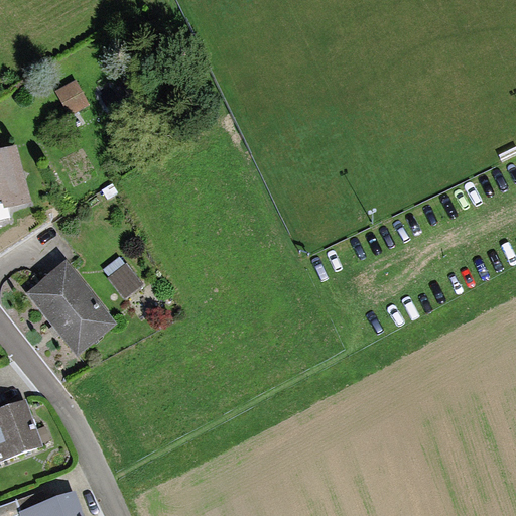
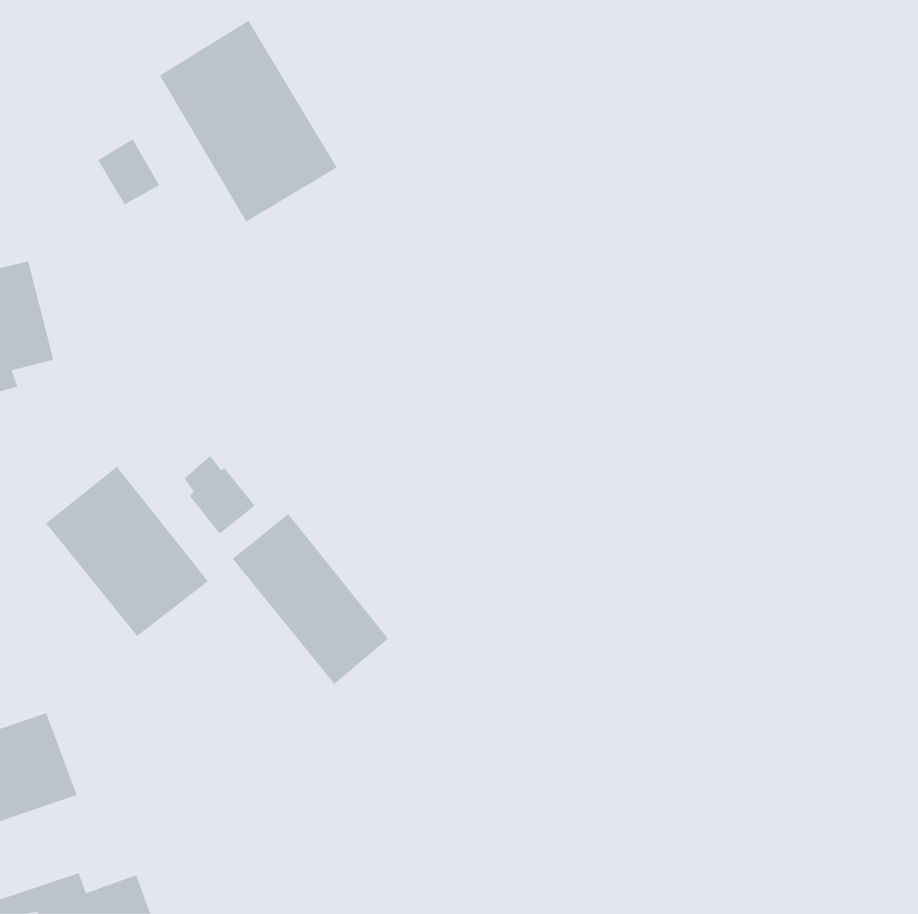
building: none -> [159,20,338,222]
building: none -> [232,513,389,685]

